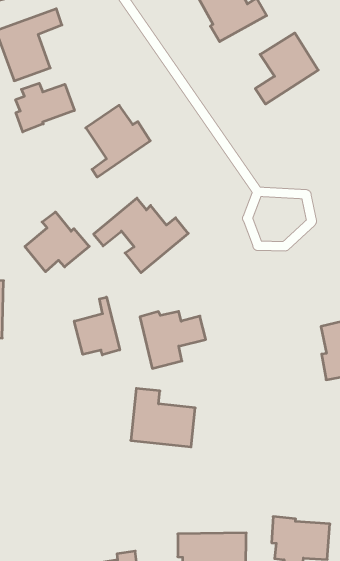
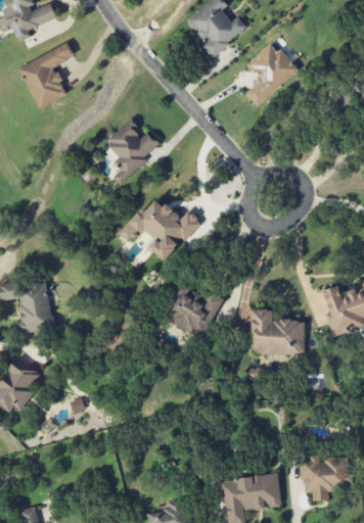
building: [16,83,74,132] -> none
building: [25,212,89,272] -> none
building: [74,297,120,355] -> none
building: [131,388,195,447] -> [253,308,305,353]

